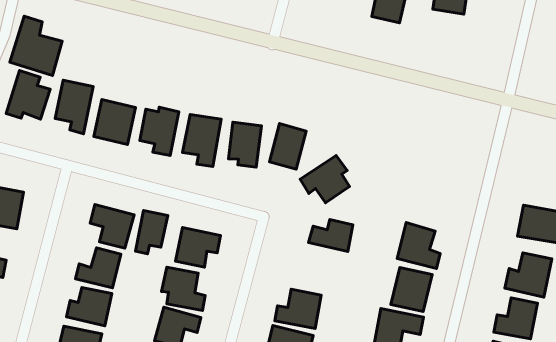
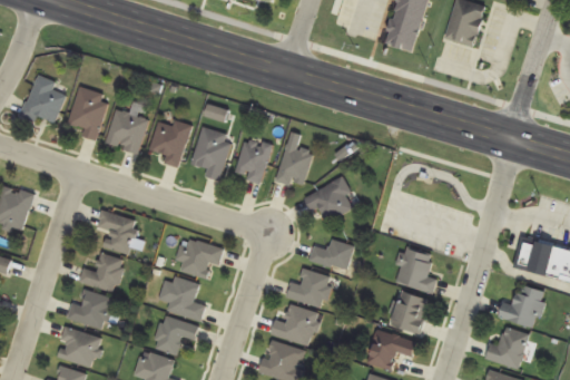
building: [10,16,62,76] -> none
building: [135,210,168,254] -> none
building: none -> [286,267,331,308]

